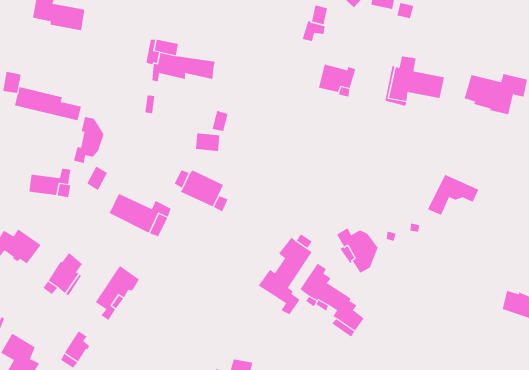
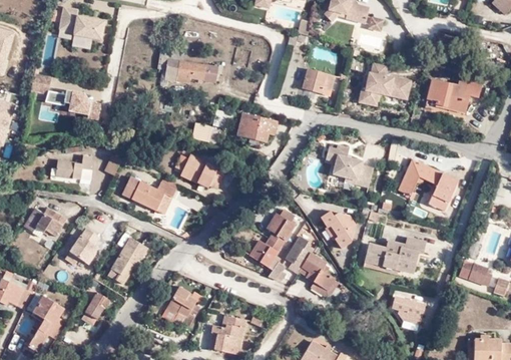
building: none -> [239,112,278,140]
building: [74,116,104,164] -> none
building: none -> [325,141,372,187]
building: none -> [428,174,454,213]
building: none -> [360,237,420,271]
building: none -> [164,288,197,322]
building: none -> [388,294,422,323]

